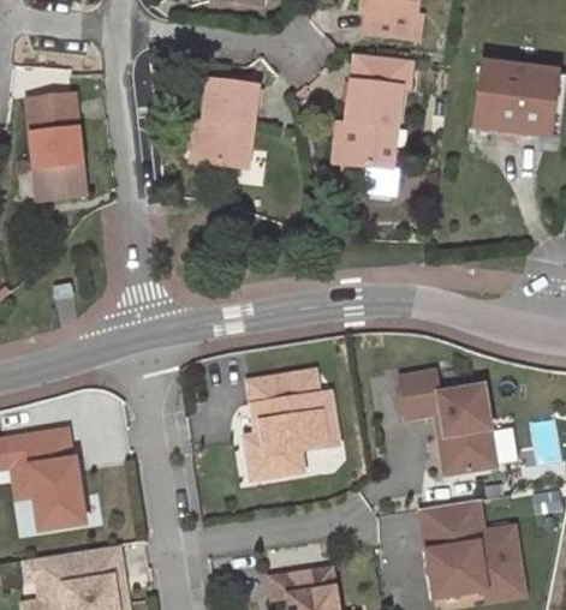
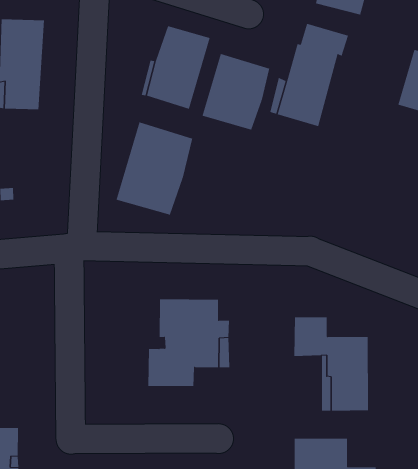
building: none -> [202,53,270,131]
building: none -> [116,122,193,216]

